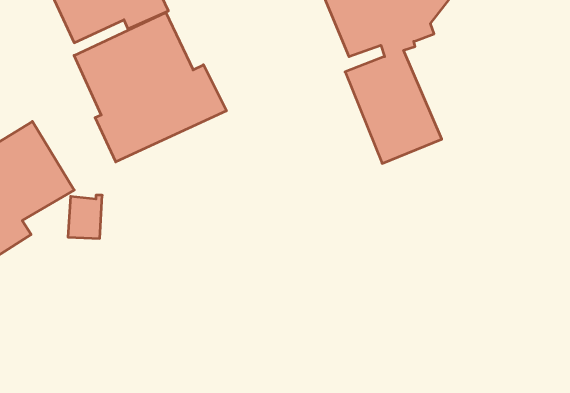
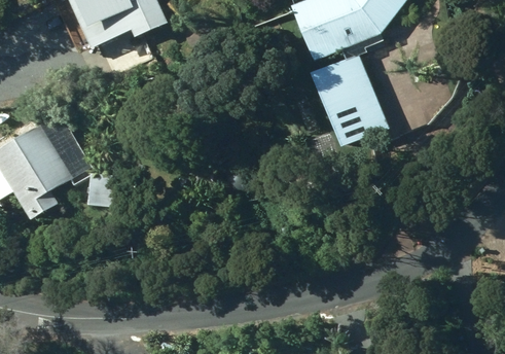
building: [74,12,226,162] -> none

